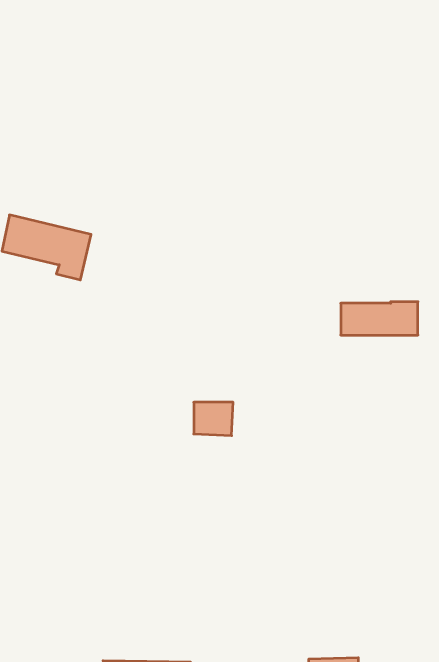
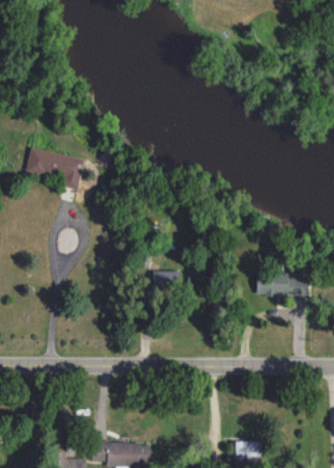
building: [341,302,418,335] -> [257,272,308,294]

